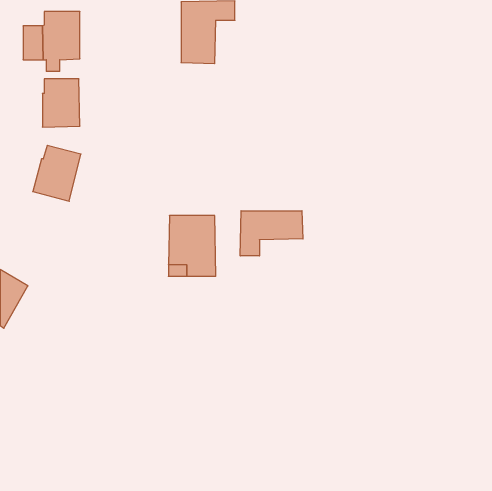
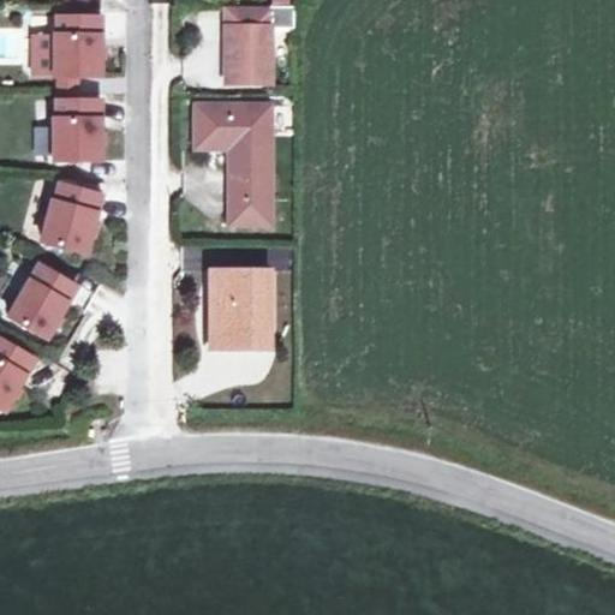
building: none -> [195,106,269,245]
building: none -> [8,262,77,336]
building: [240,211,303,256] -> none

